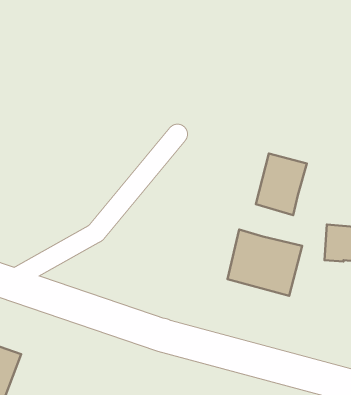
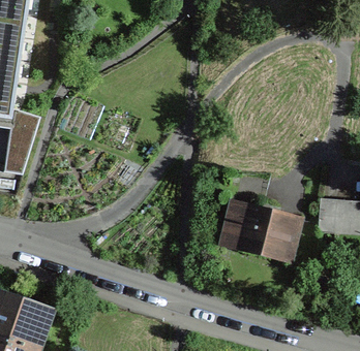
building: [256,153,307,215] -> none

